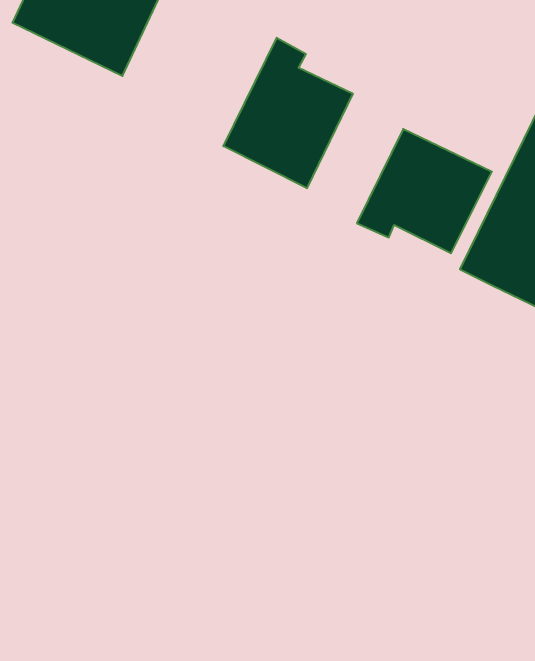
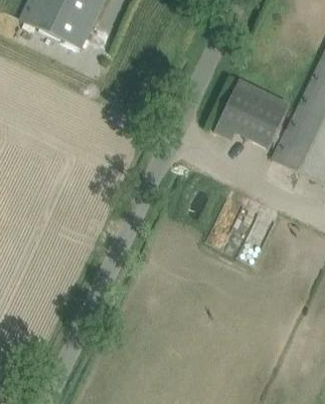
building: [223,38,353,188] -> none

